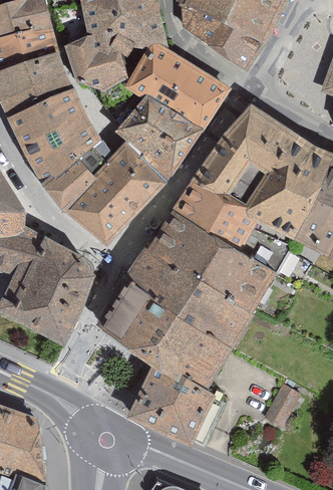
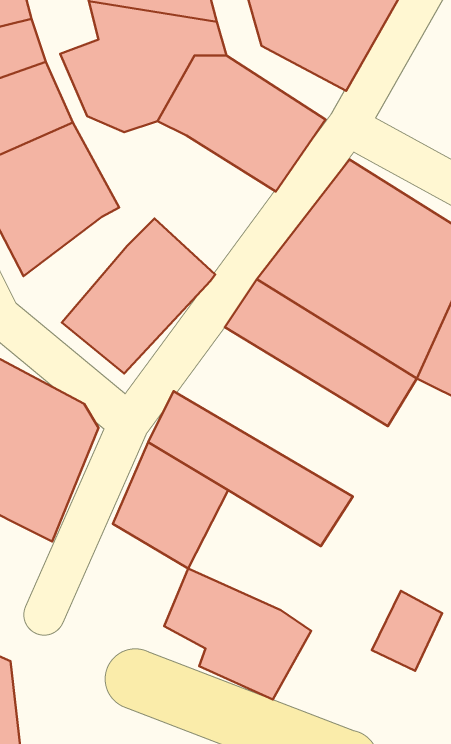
building: [112,93,201,181] -> none
building: [42,145,107,211] -> none
building: [136,214,271,320] -> none
building: [145,316,229,392] -> none

